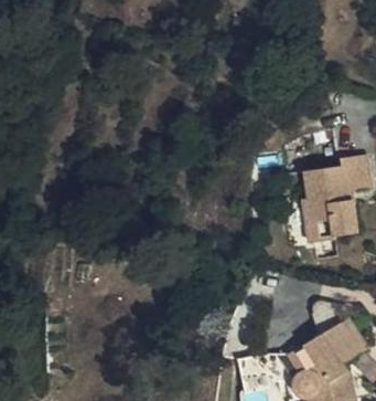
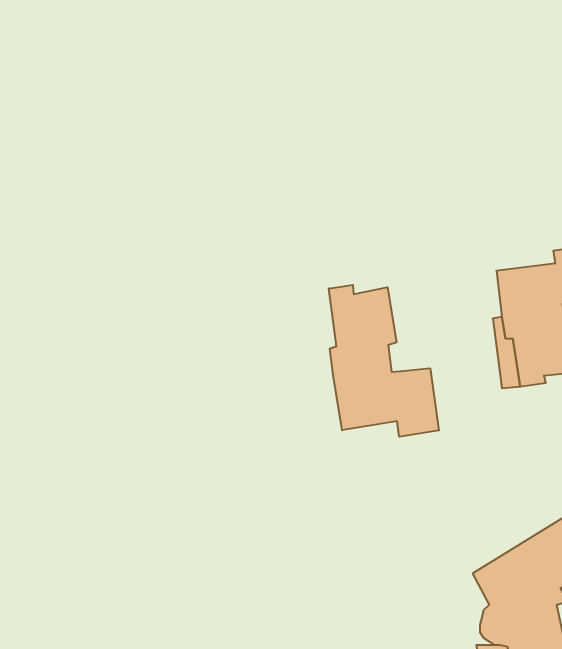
building: none -> [329,285,439,437]

